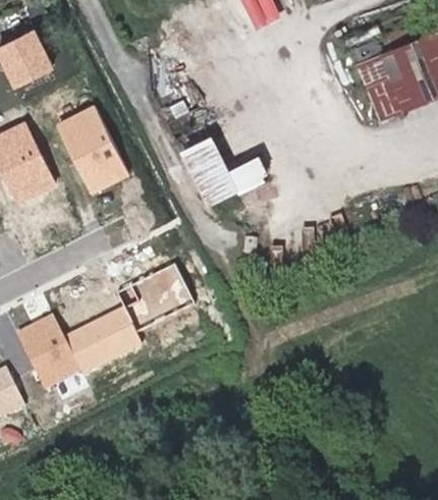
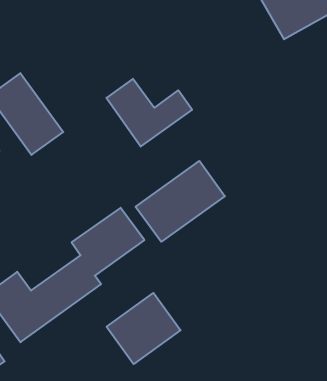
building: none -> [136,161,225,242]
building: none -> [107,293,181,364]

